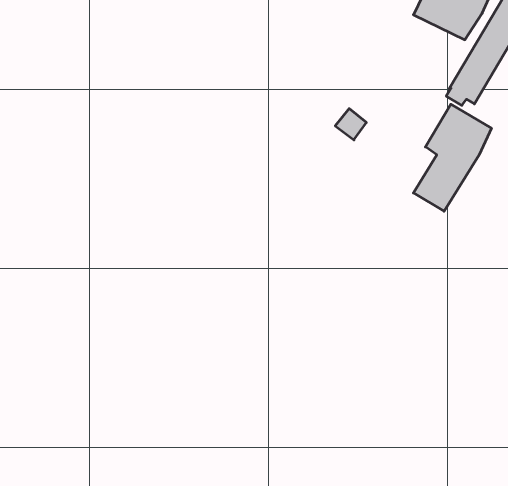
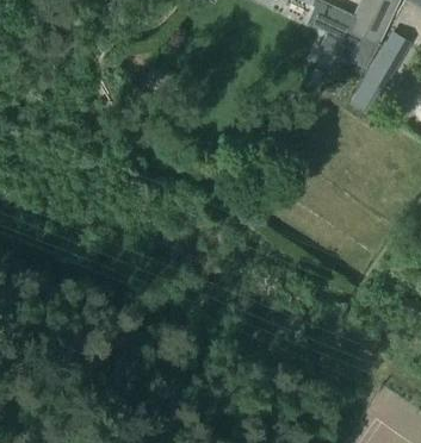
building: [413,104,491,211] -> none

